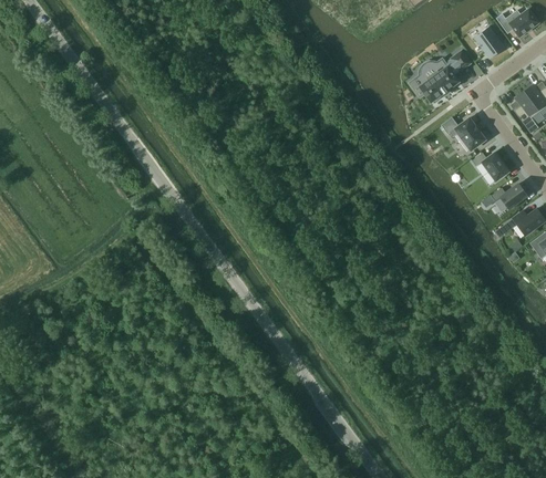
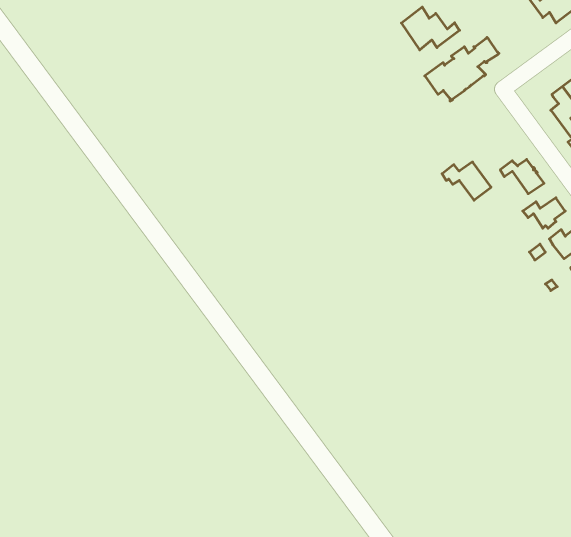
building: none -> [401,7,460,50]
building: [473,25,505,59] -> none
building: [444,117,485,149] -> [442,162,491,200]

